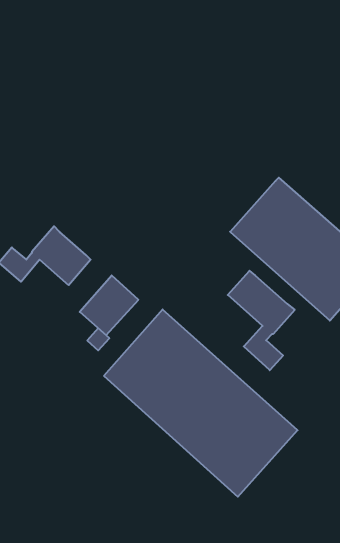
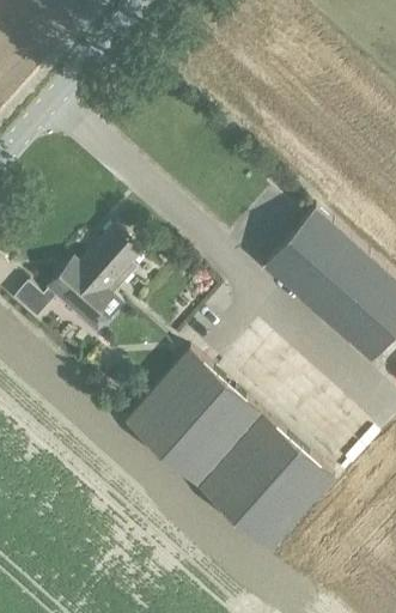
building: [228,271,295,370] -> none
building: [80,275,138,335] -> [78,226,141,291]

